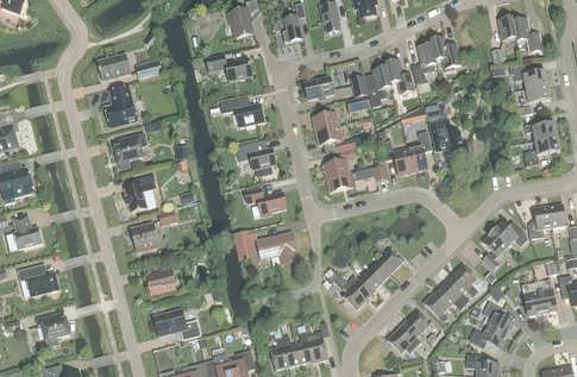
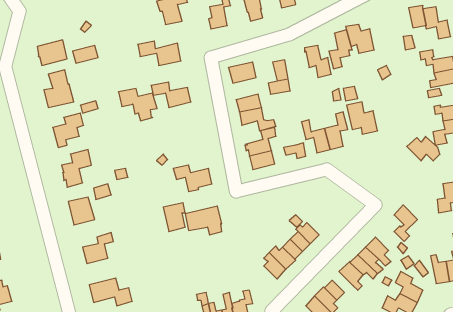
building: [365,64,391,105] -> none
building: [234,142,276,176] -> [118,89,157,121]
building: [491,219,527,245] -> [407,136,440,161]

